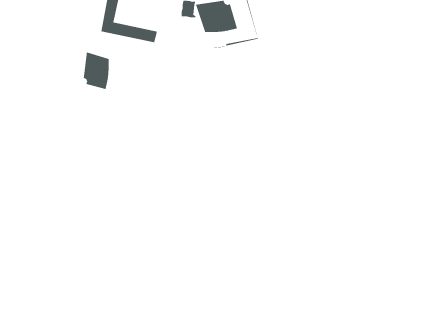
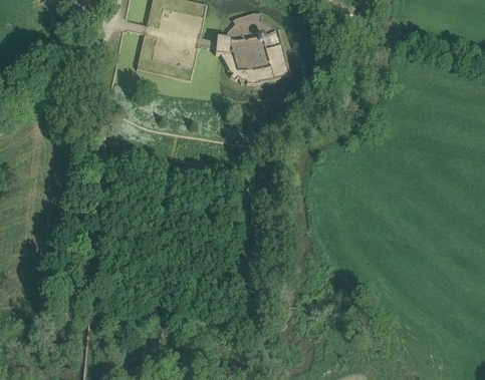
building: [83,51,109,90] -> none

